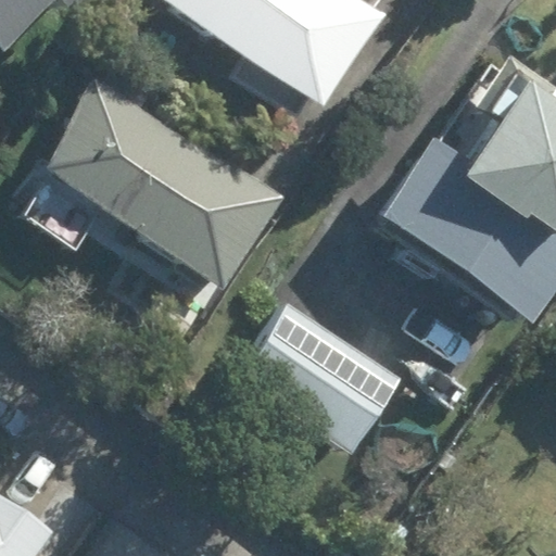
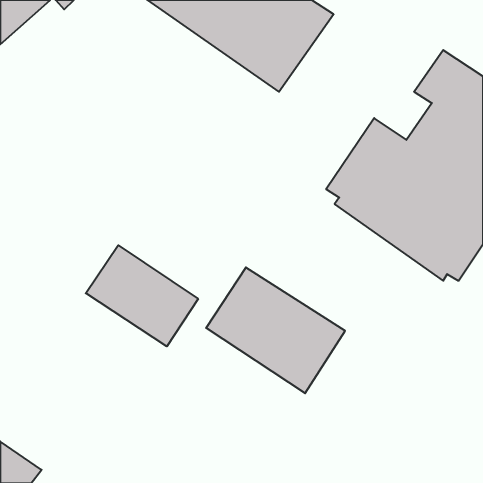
building: [42,77,281,290] -> none
building: none -> [86,245,198,346]

